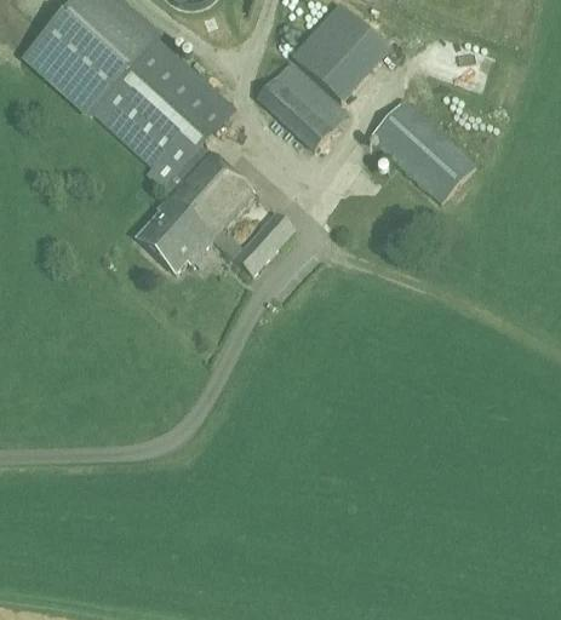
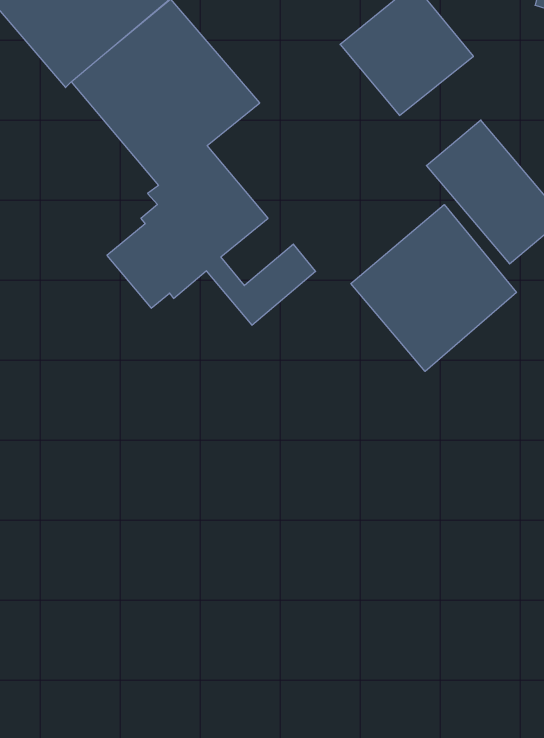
building: [256,58,347,149] -> none
building: none -> [351,205,516,371]

